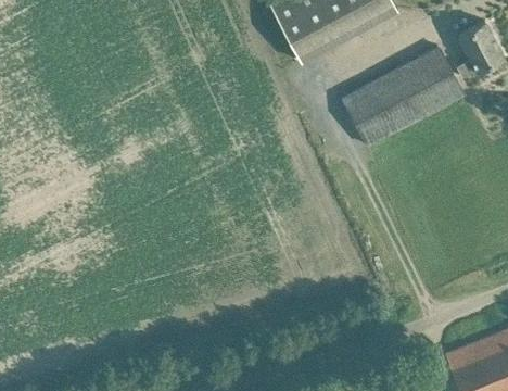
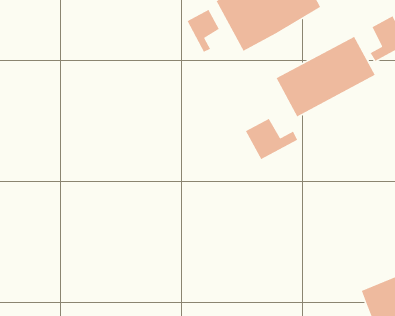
building: none -> [187,9,220,53]
building: none -> [245,118,298,160]

